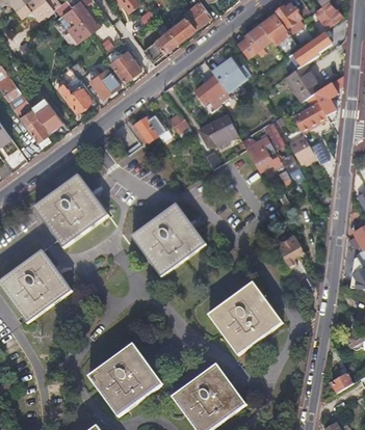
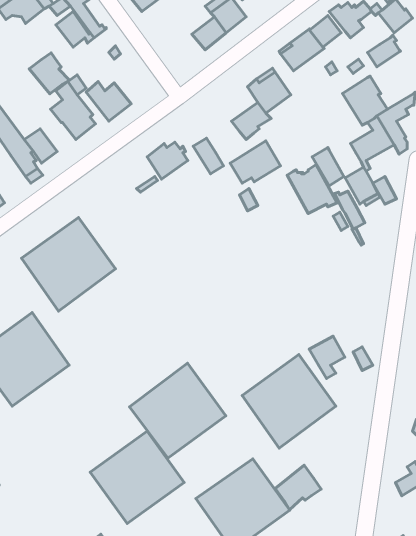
building: [142,24,179,63] -> none
building: none -> [29,53,70,94]
building: [104,51,141,83] -> none
building: [131,203,207,277] -> [129,363,226,458]
building: [276,236,304,269] -> [309,336,345,378]
building: none -> [275,465,321,510]

